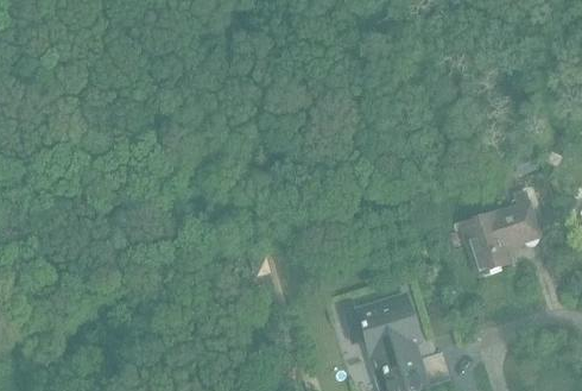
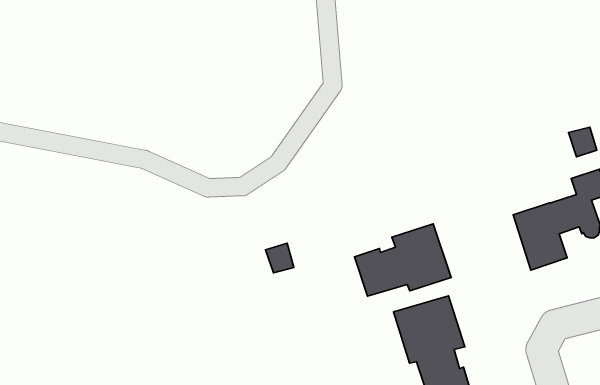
building: none -> [355,224,451,296]

